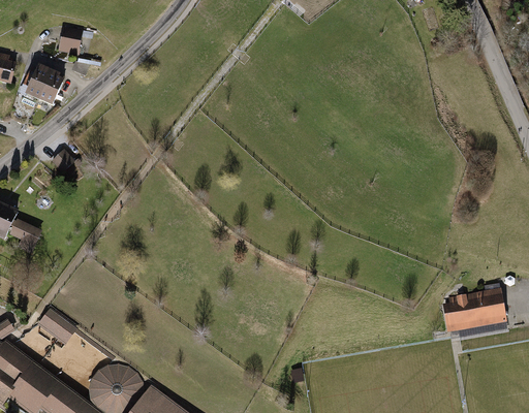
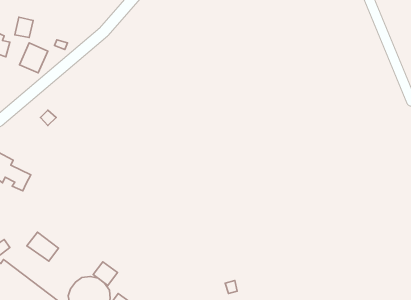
building: [57,25,81,51] -> [15,17,33,37]
building: [439,283,505,332] -> none
building: none -> [93,262,117,285]

